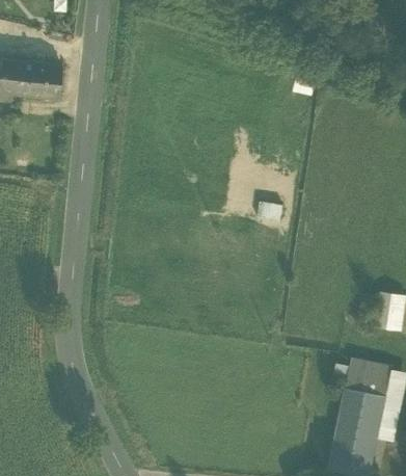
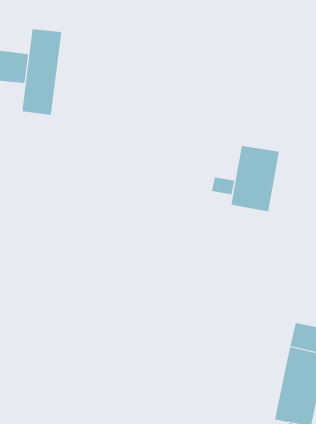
building: none -> [22,29,62,116]
building: none -> [231,145,280,212]

